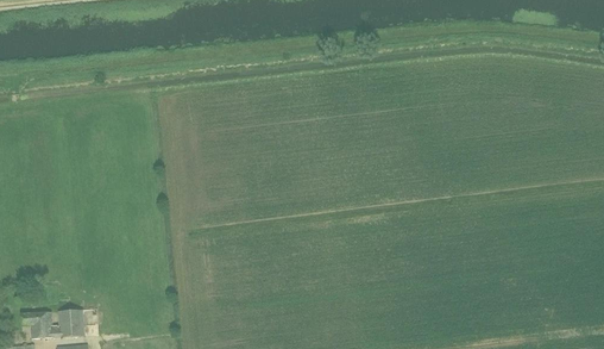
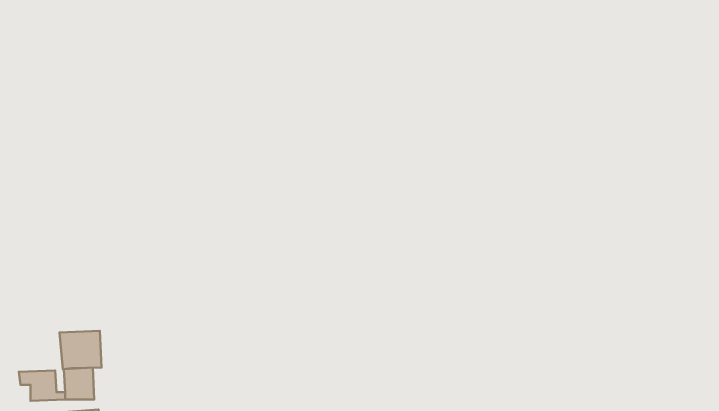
building: none -> [59,331,101,369]

